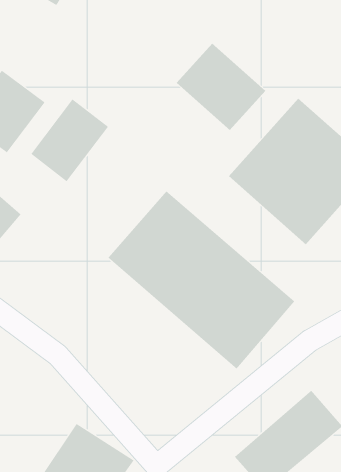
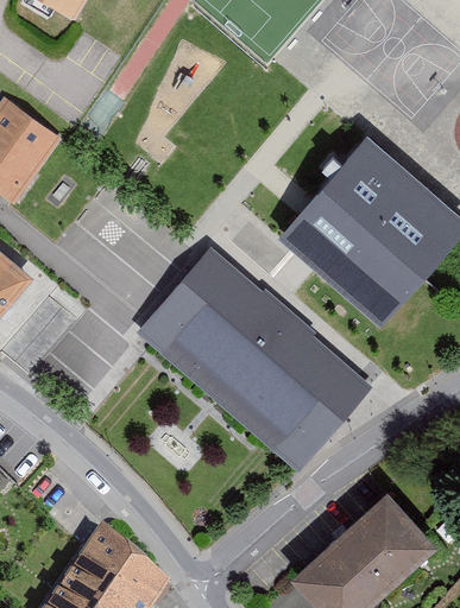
building: [176,43,266,131] -> none
building: [30,98,109,182] -> none

